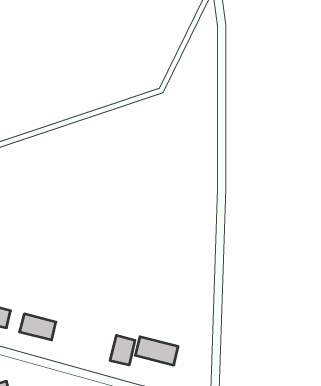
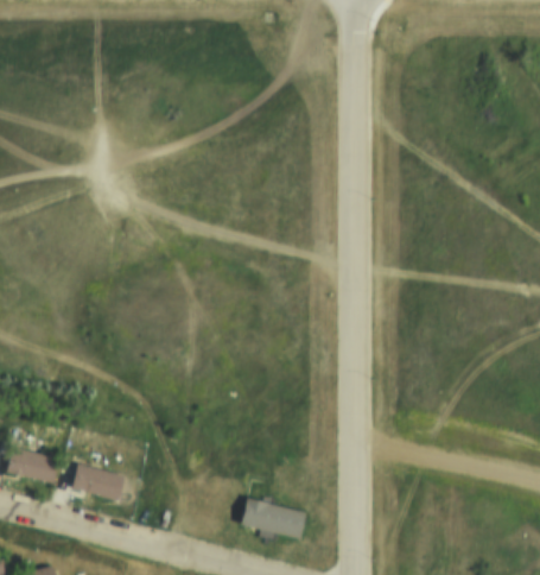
building: [110,335,135,365] -> none

